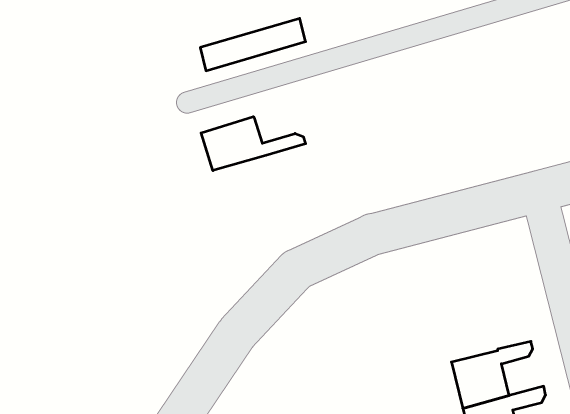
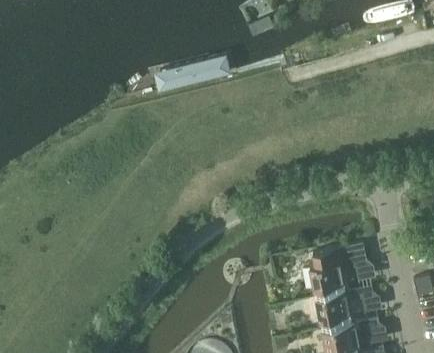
building: [201,117,306,171] -> none
building: none -> [312,242,369,296]

